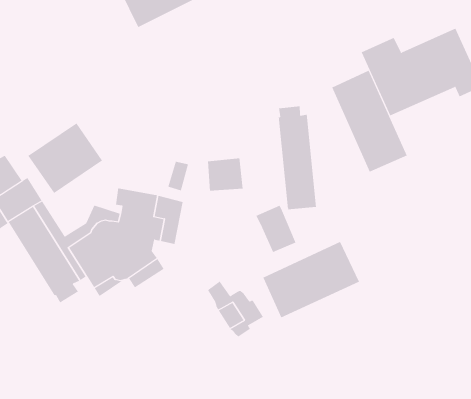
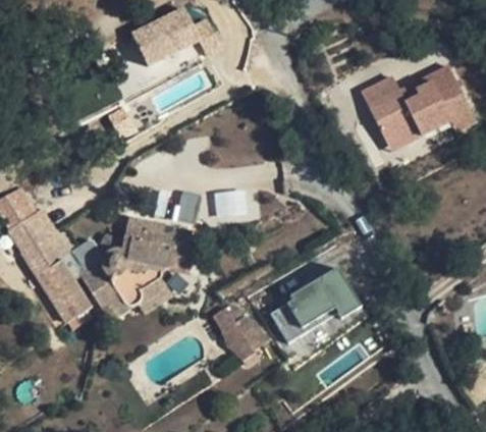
building: [332,70,408,172] -> none
building: [278,105,316,210] -> none
building: [28,122,103,194] -> none
building: [256,205,297,253] -> none

